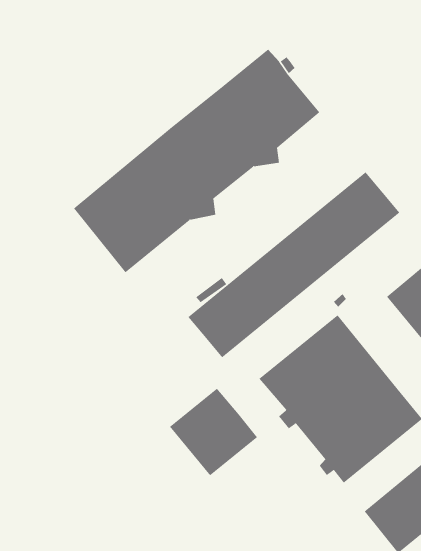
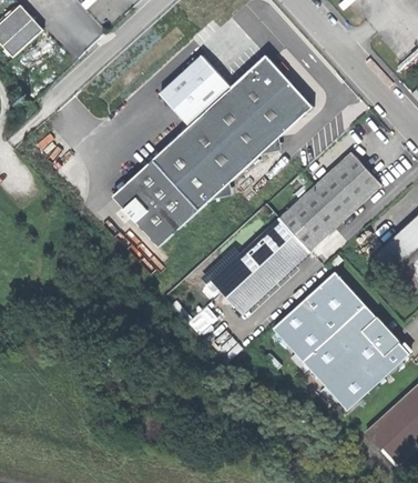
building: none -> [161,54,232,125]
building: [169,388,258,476] -> none

